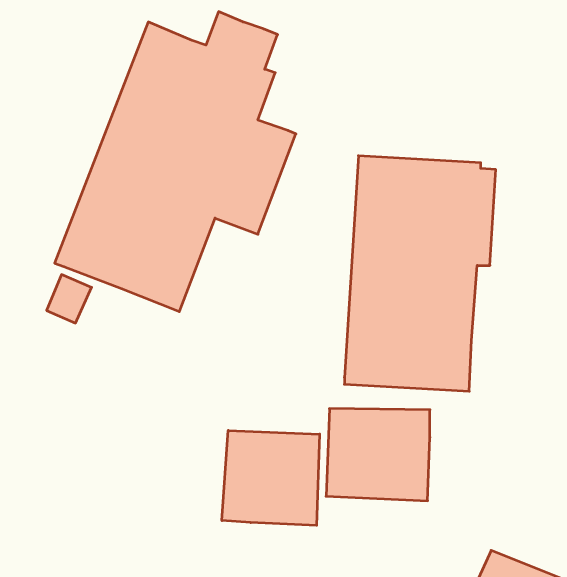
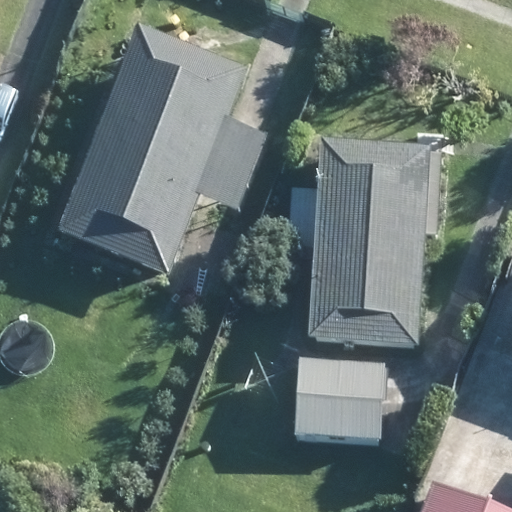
building: [222,430,320,525] -> none

